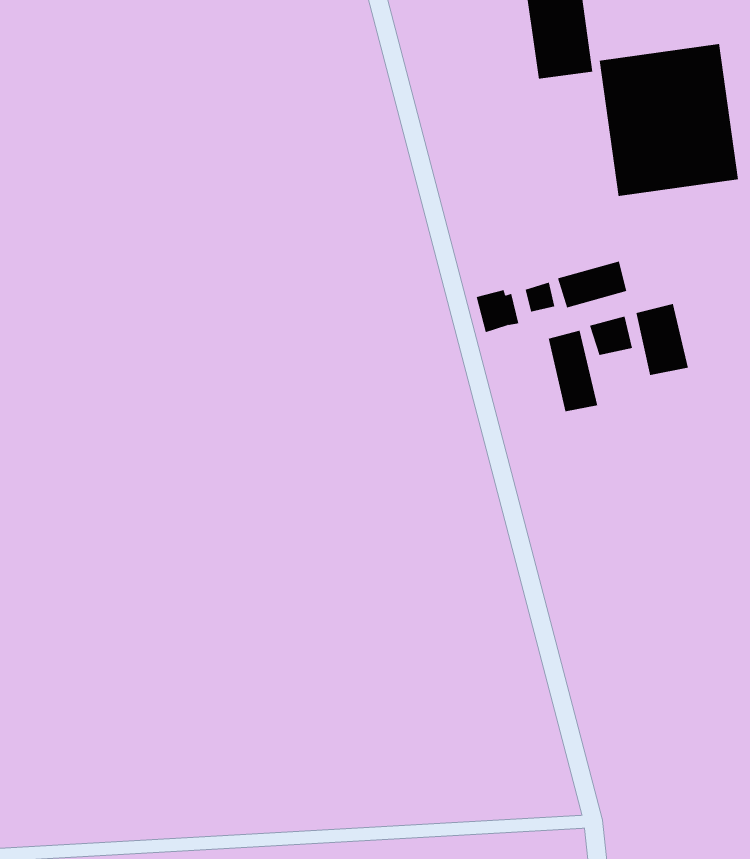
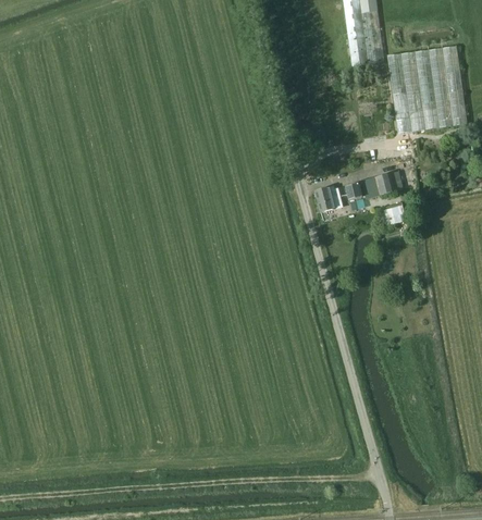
building: [636,303,689,376] -> none
building: [548,330,598,412] -> none

